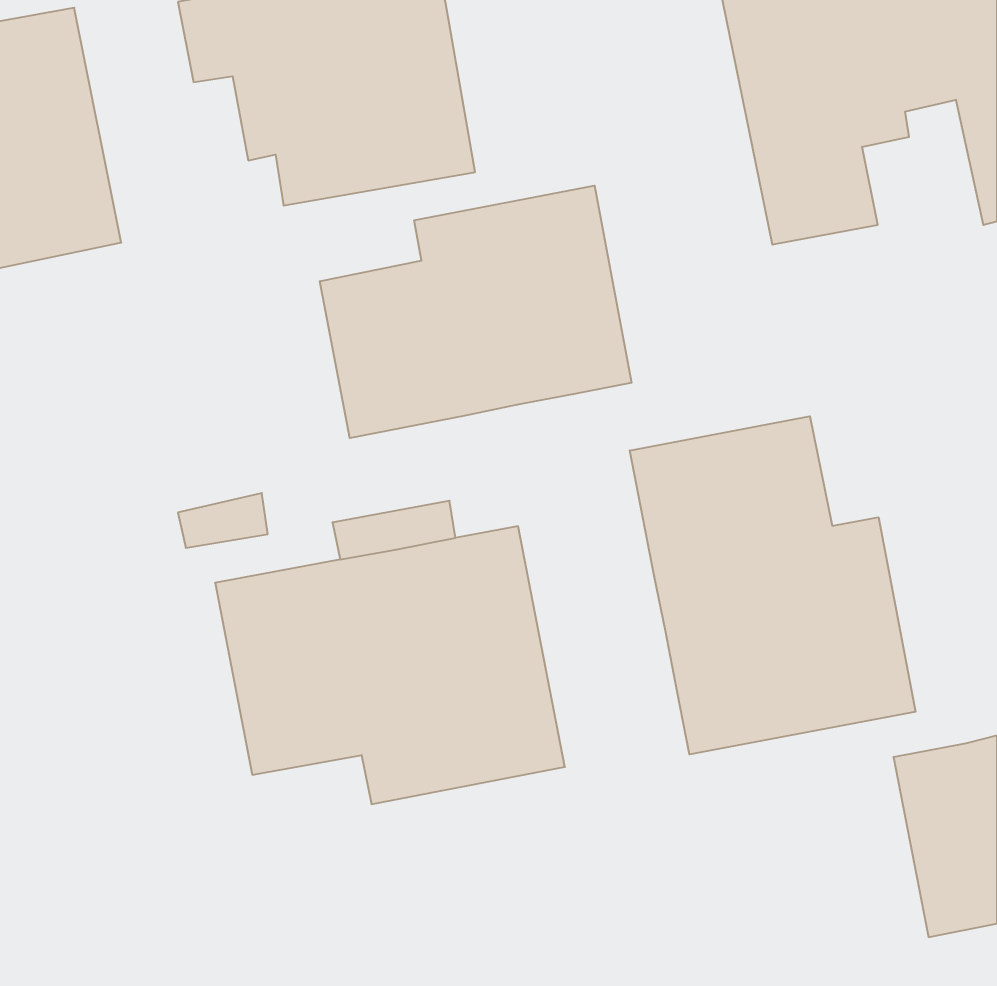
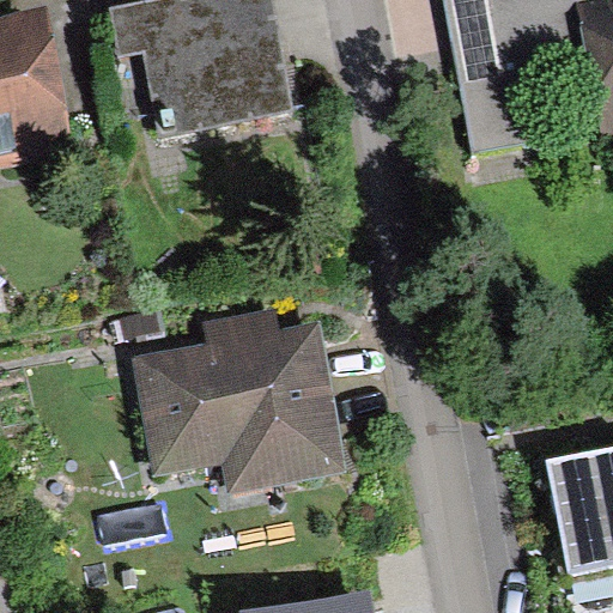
building: [320,186,632,438] -> none
building: [630,416,916,754] -> none

